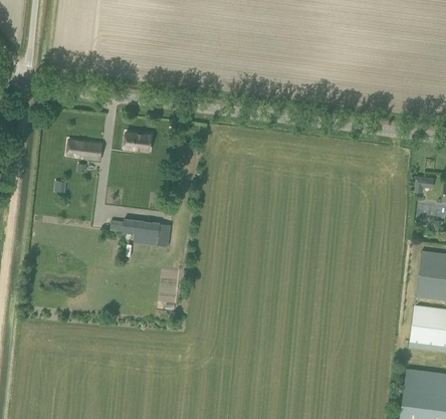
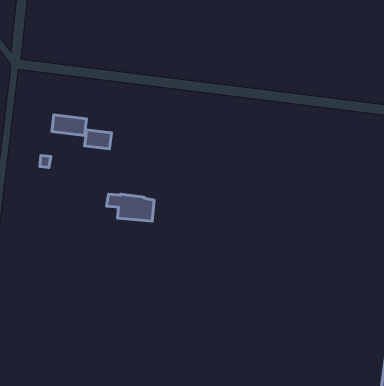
building: [125,132,152,151] -> [85,130,111,149]

